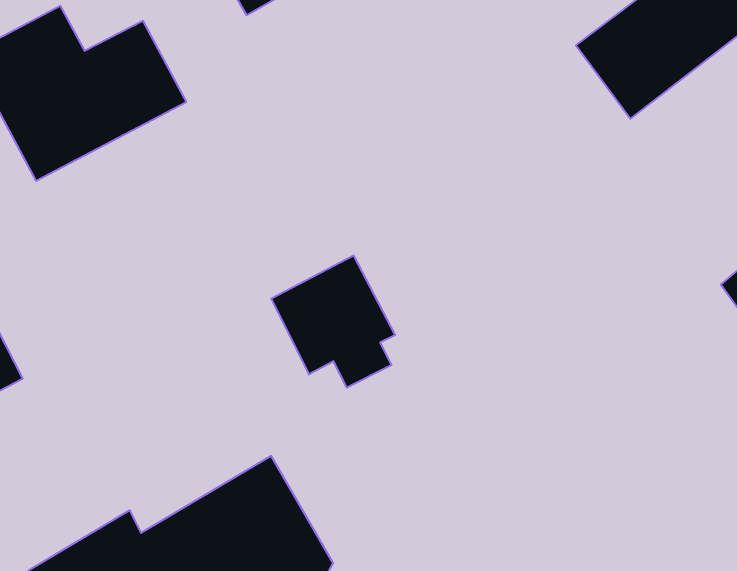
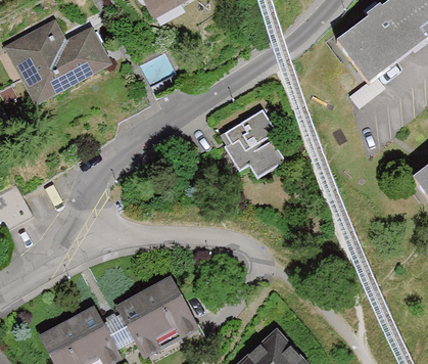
building: [271,256,395,387] -> [217,104,284,176]

